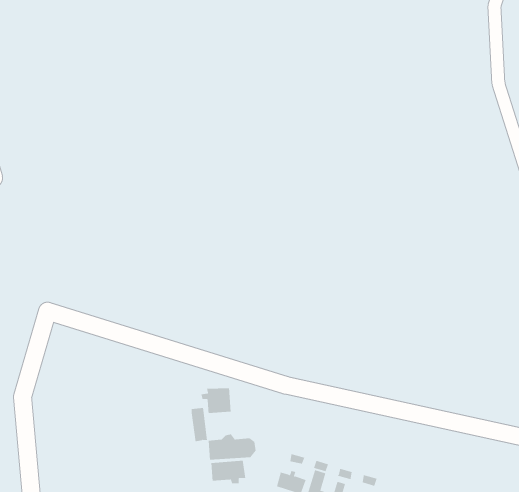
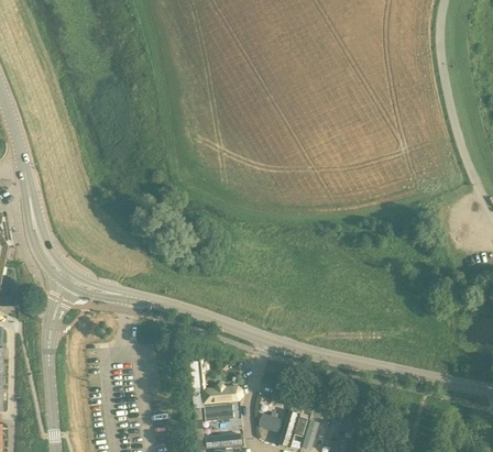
building: [201,388,231,414] -> none

